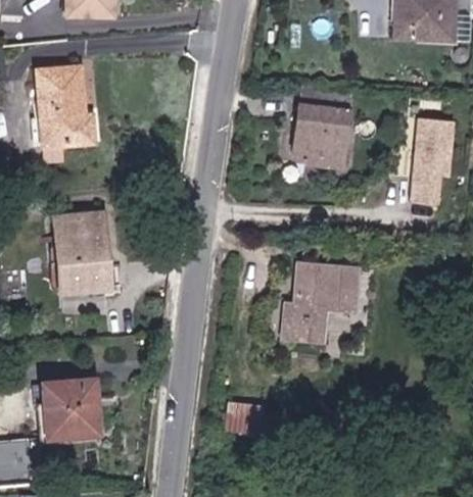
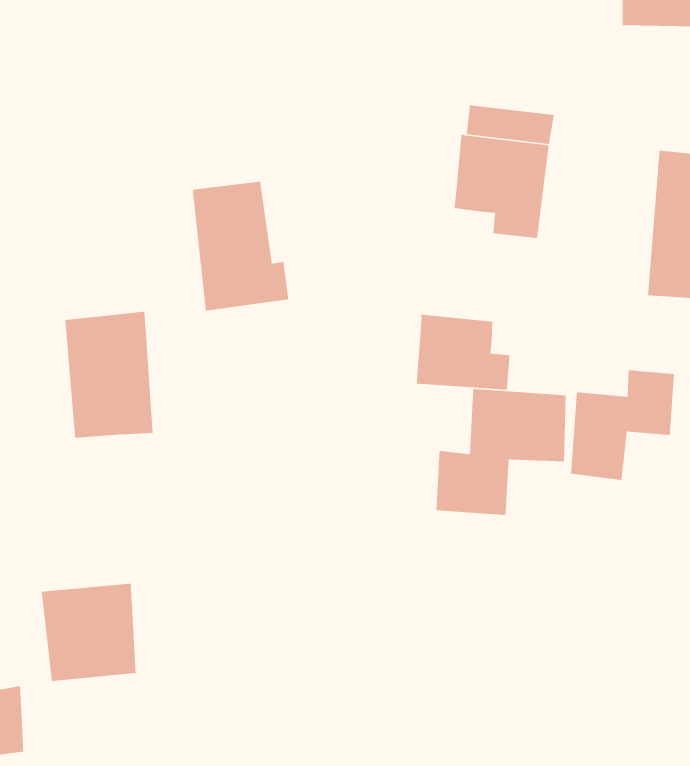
building: [41,69,100,149] -> [192,181,289,312]
building: none -> [416,314,511,391]
building: none -> [570,369,675,481]
building: [223,402,258,435] -> none

